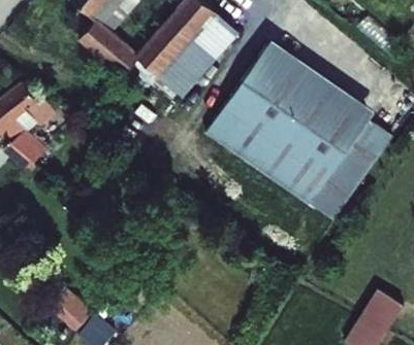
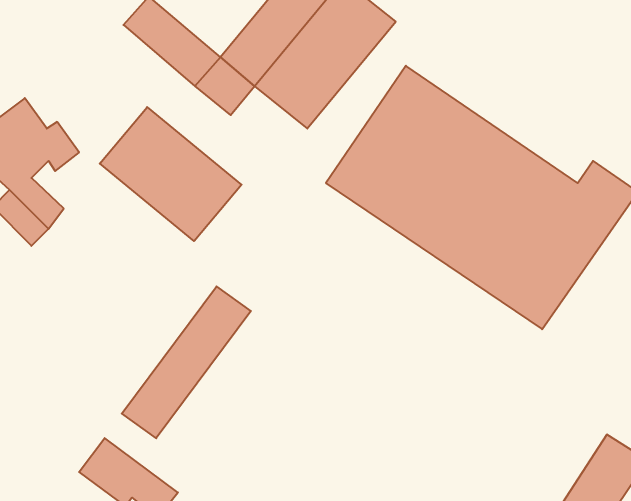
building: [252,40,371,133] -> none
building: none -> [100,107,242,241]
building: none -> [122,286,251,438]

